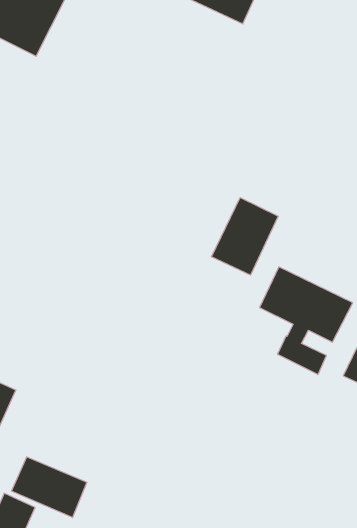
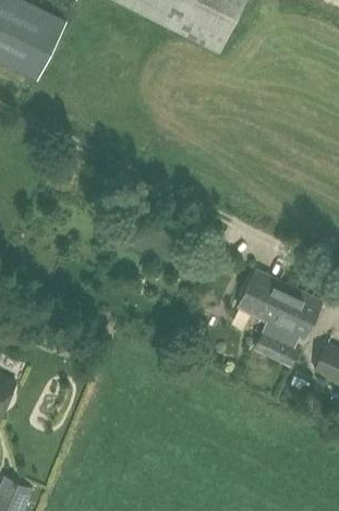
building: [212,198,278,275] -> none
building: [12,457,87,518] -> none

